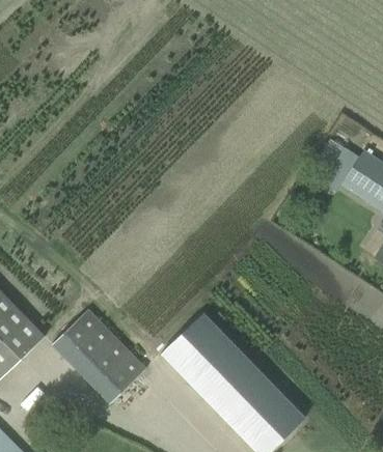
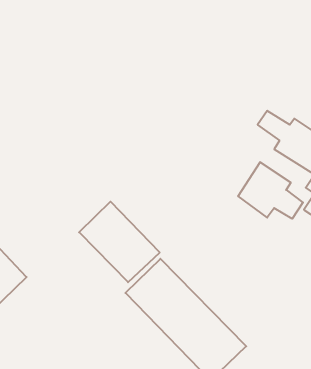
building: none -> [238,162,303,219]
building: [51,308,146,403] -> [79,202,160,282]

